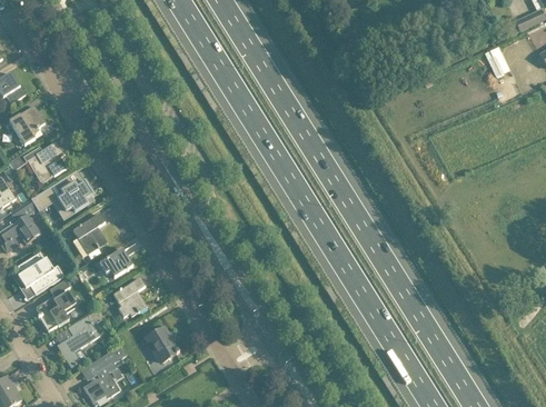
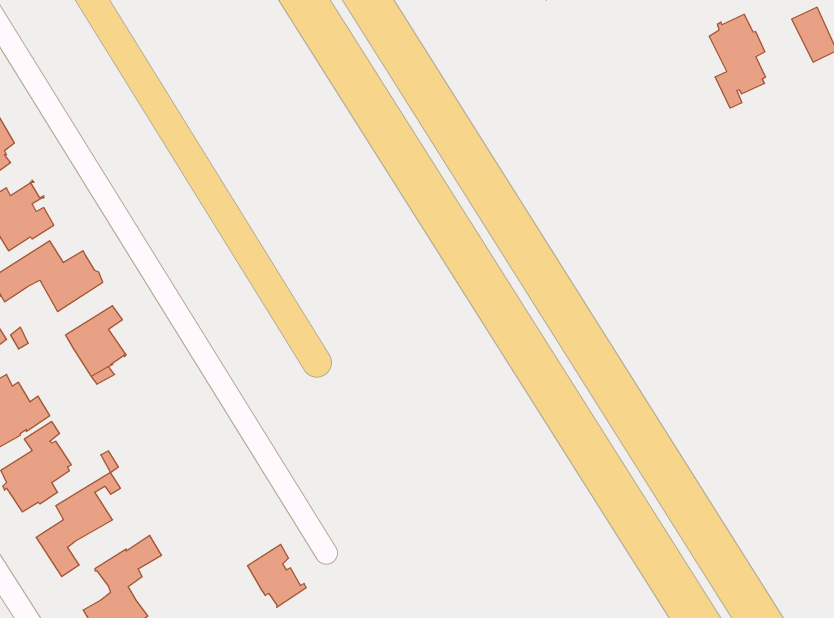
building: none -> [709,14,765,108]
building: [99,248,131,275] -> none
building: [112,277,146,317] -> none
building: [145,326,178,361] -> [247,544,306,607]

